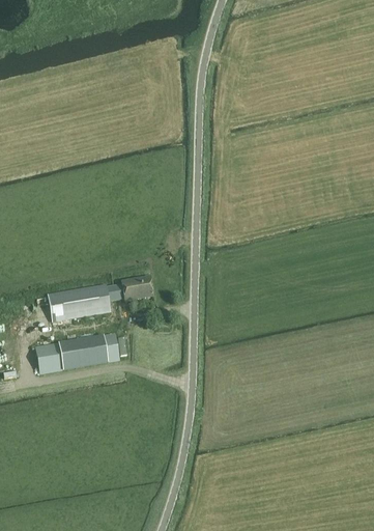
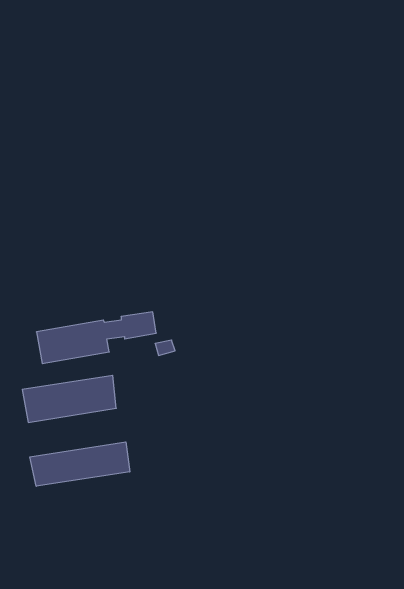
building: none -> [30,442,130,486]

